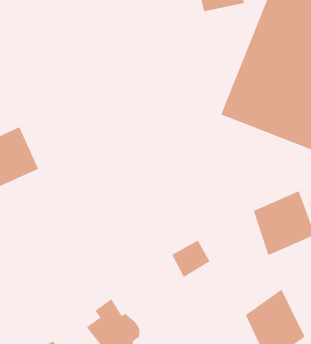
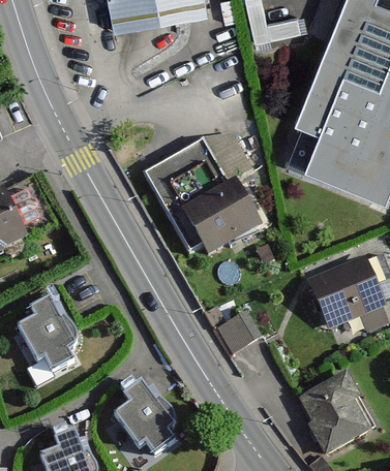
building: none -> [142,128,259,259]
building: none -> [19,296,81,372]

